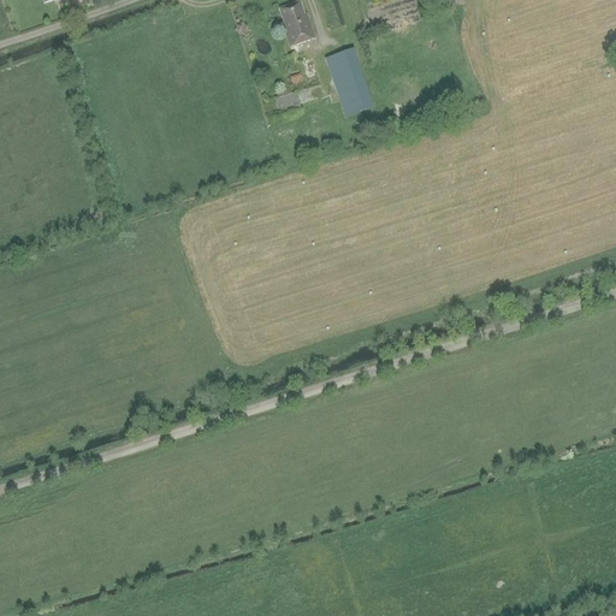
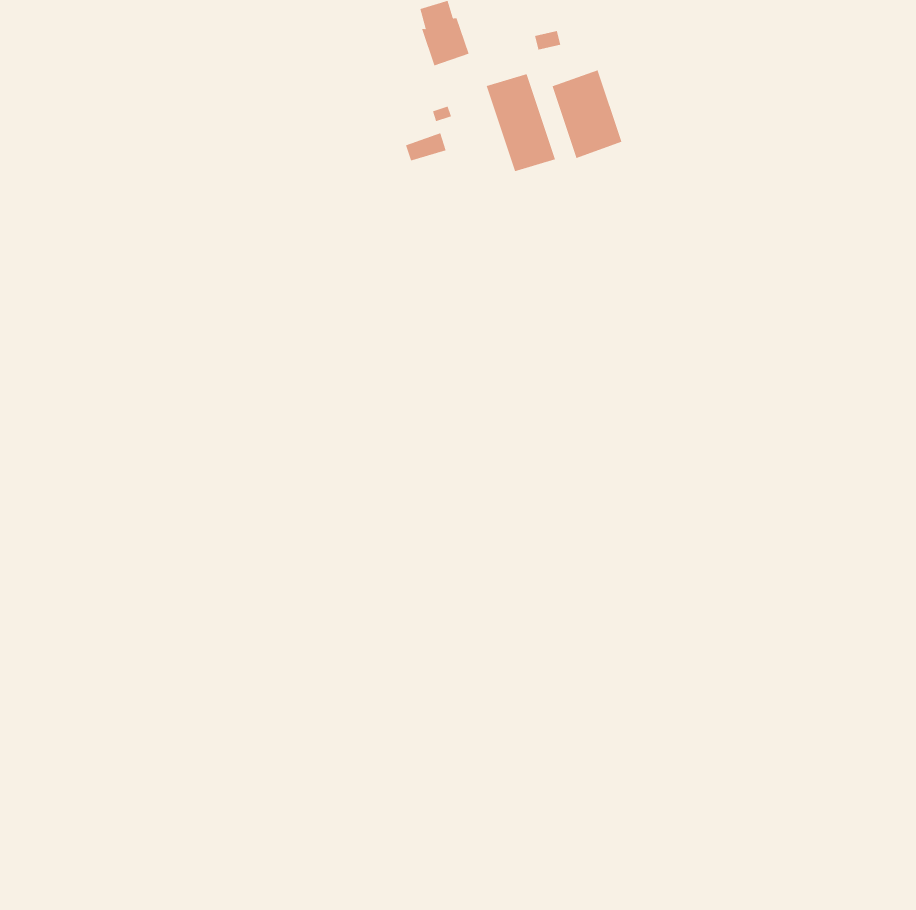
building: none -> [552,69,622,159]

